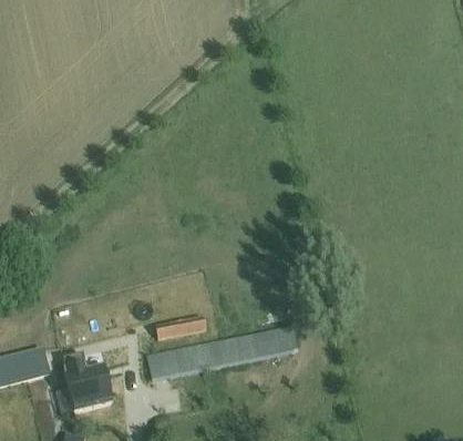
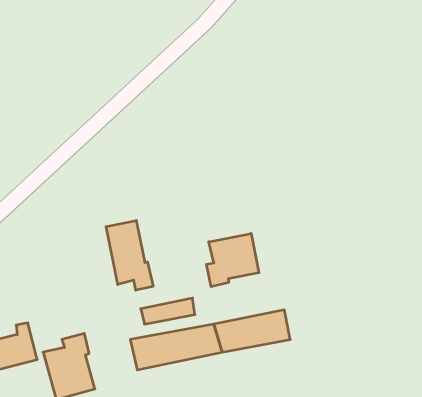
building: none -> [106,220,153,290]
building: none -> [207,233,259,287]

